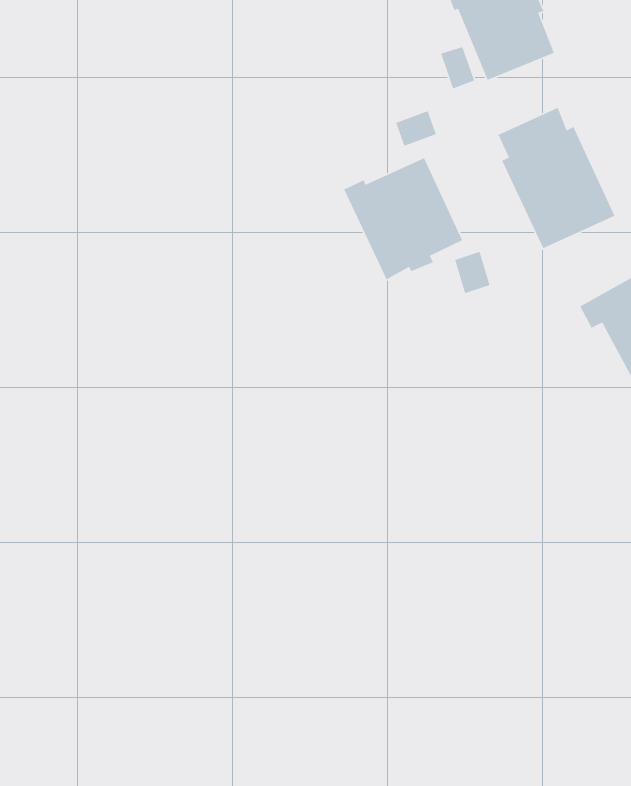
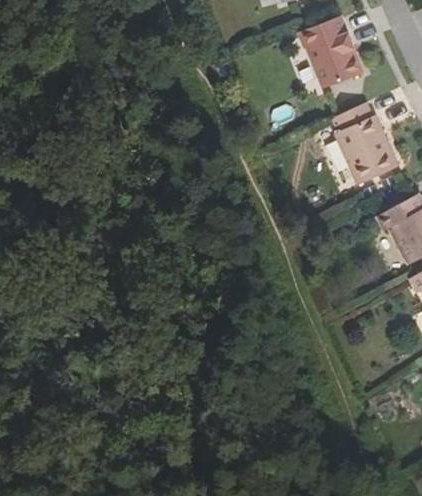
building: [343,157,463,280] -> none

